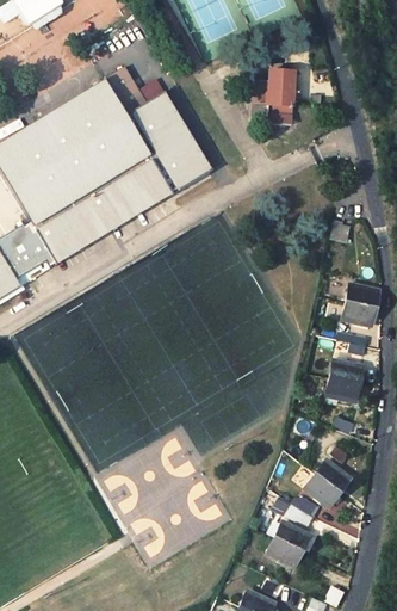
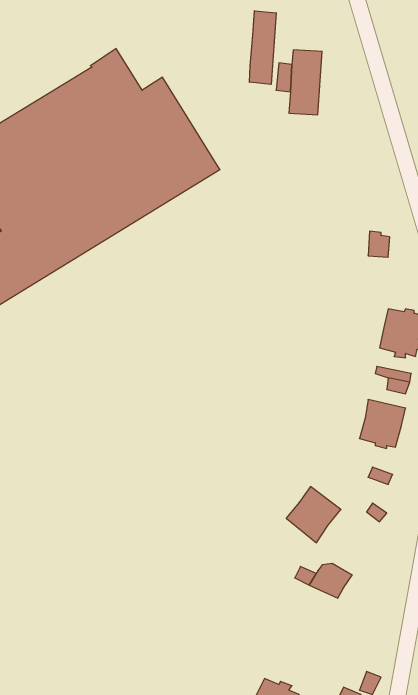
building: none -> [249,11,276,84]
building: [304,461,349,507] -> [286,487,341,543]
building: [266,521,309,567] -> none

